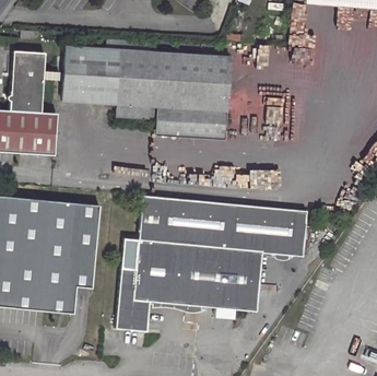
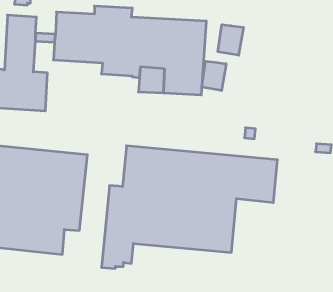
building: none -> [218,25,243,55]
building: none -> [202,61,226,91]

